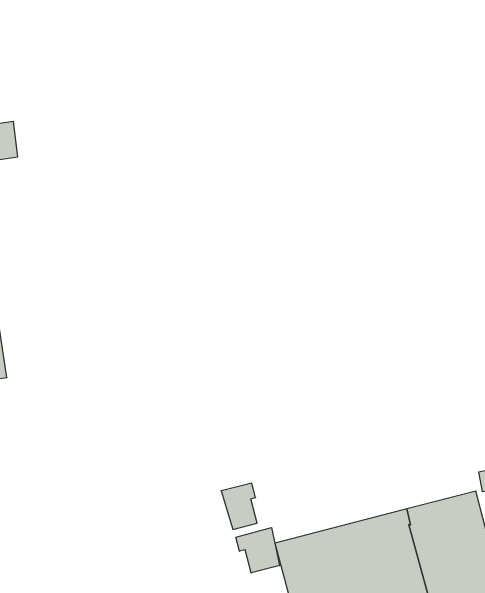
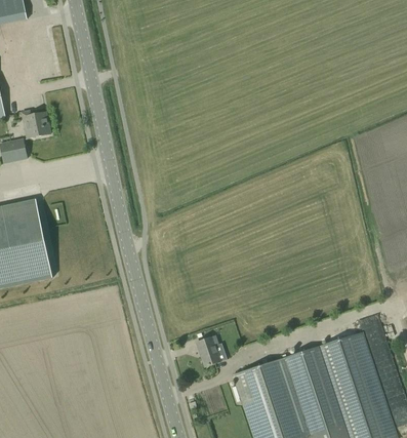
building: [236,528,280,573] -> none

